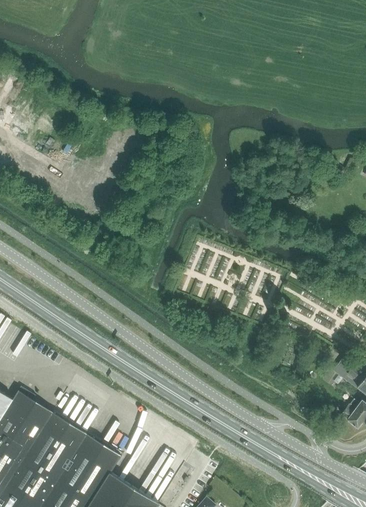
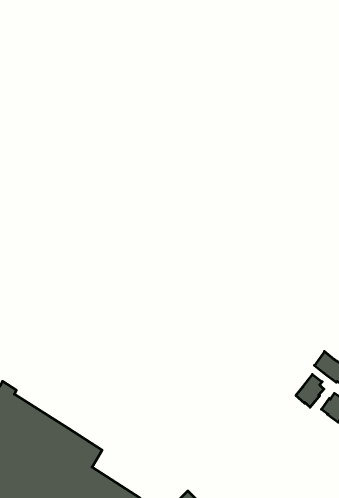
building: none -> [296,374,324,407]

